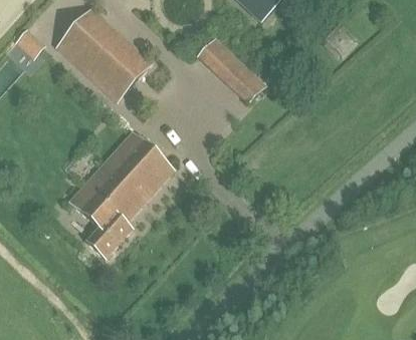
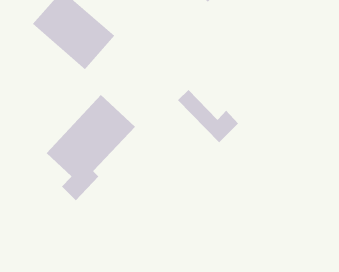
building: [199,36,271,99] -> [177,89,239,143]

